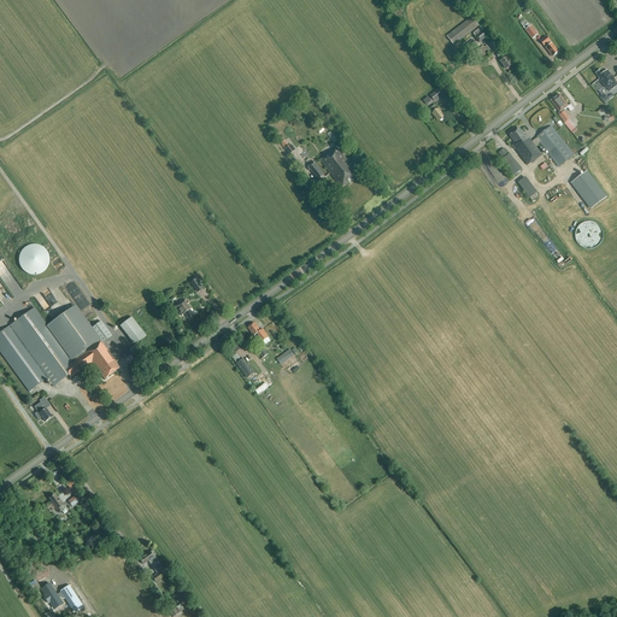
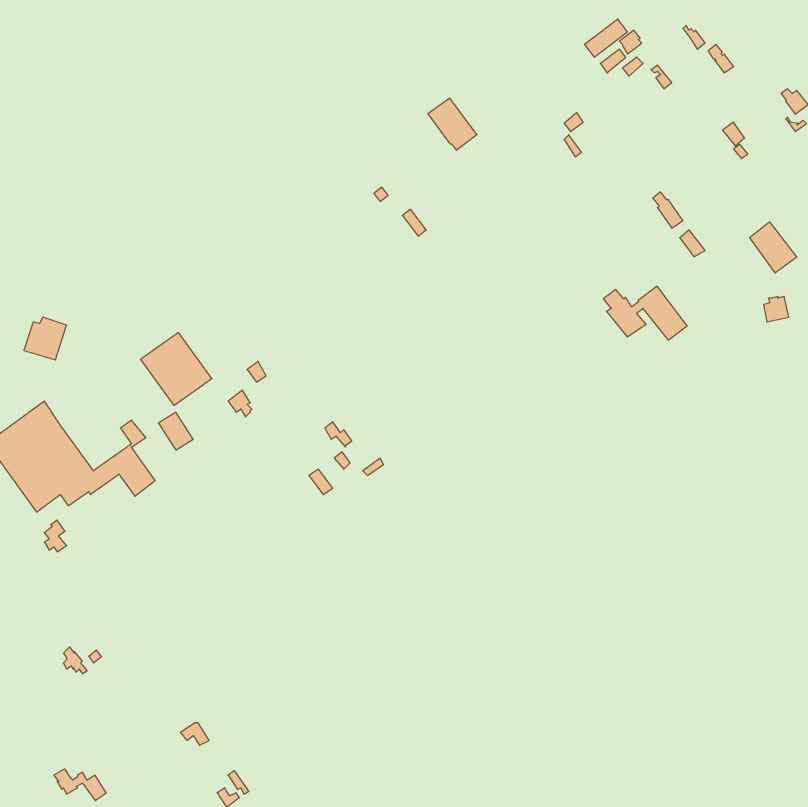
building: [509,124,572,165] -> [603,286,687,340]
building: [319,146,357,186] -> [428,98,477,150]
building: [46,302,100,358] -> [141,333,212,405]

